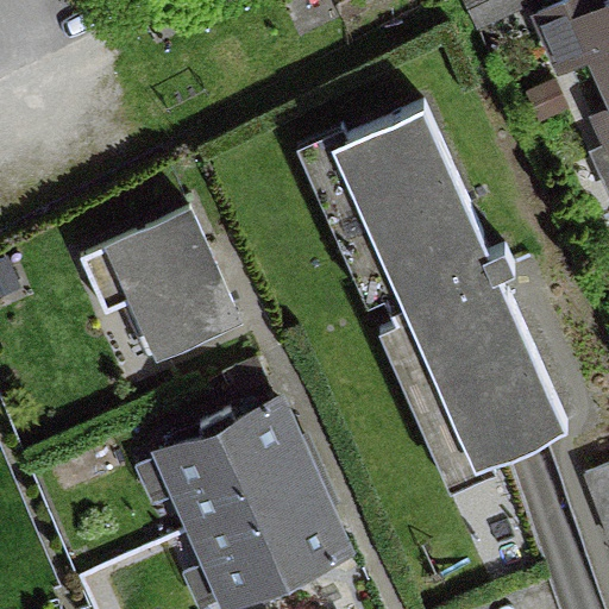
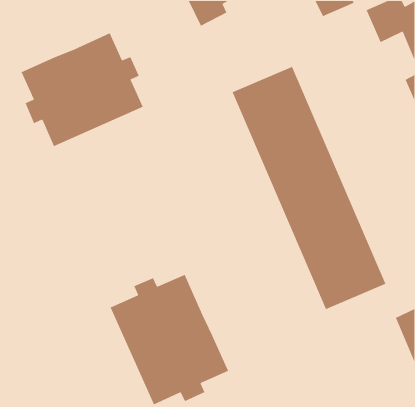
building: none -> [20,32,144,147]
building: [76,218,233,360] -> none

